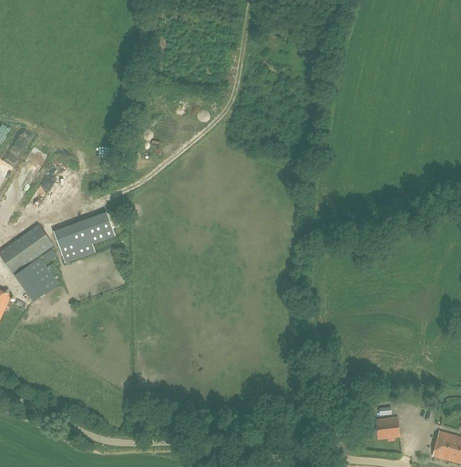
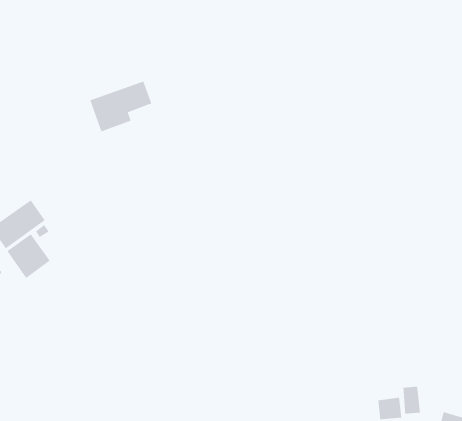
building: [53,212,114,262] -> [90,81,152,132]
building: none -> [403,386,420,415]

